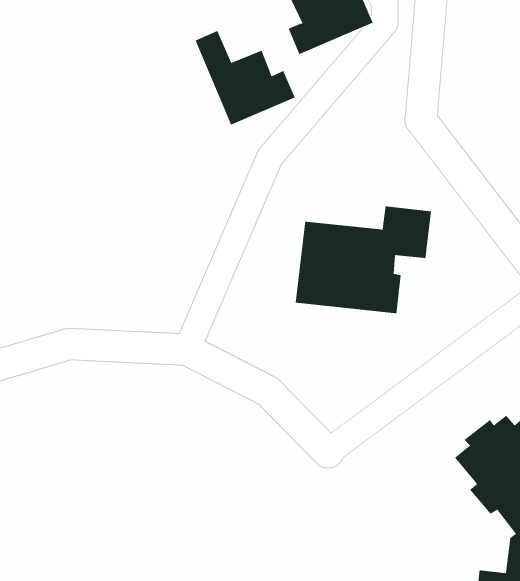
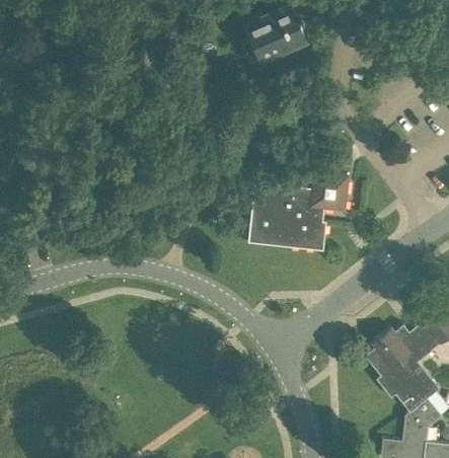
building: [195,30,295,125] -> none

